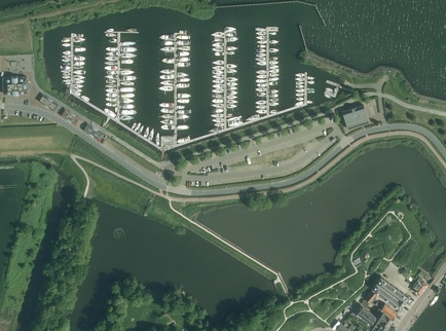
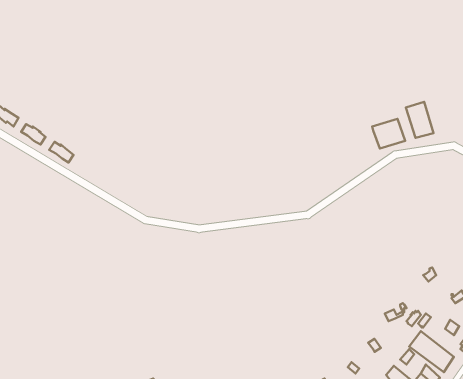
building: none -> [406,102,434,138]

